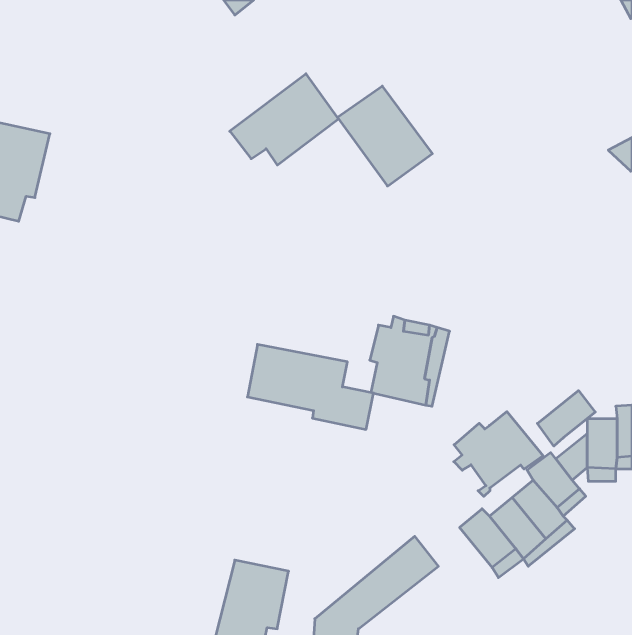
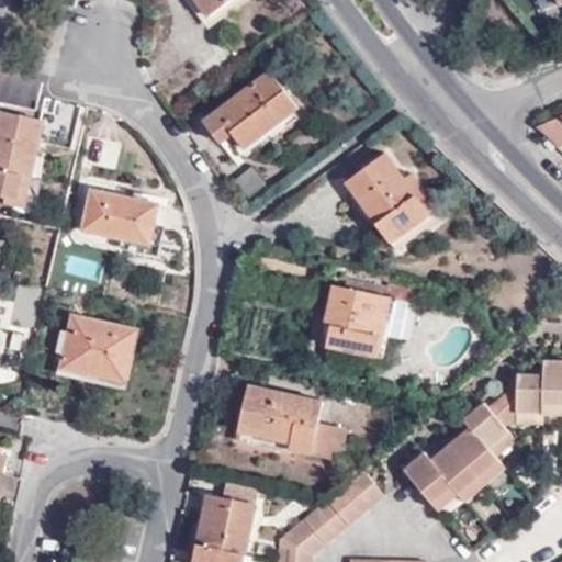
building: [337,86,432,186] -> [346,154,429,241]
building: none -> [81,189,159,245]
building: [247,344,374,429] -> [231,387,341,462]
building: none -> [58,314,138,378]
building: [537,391,595,446] -> none
building: [454,412,543,496] -> none

